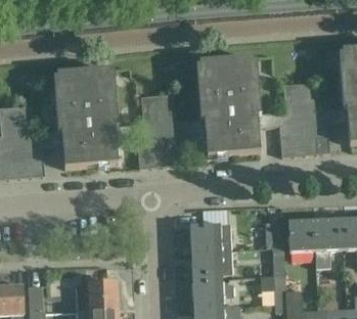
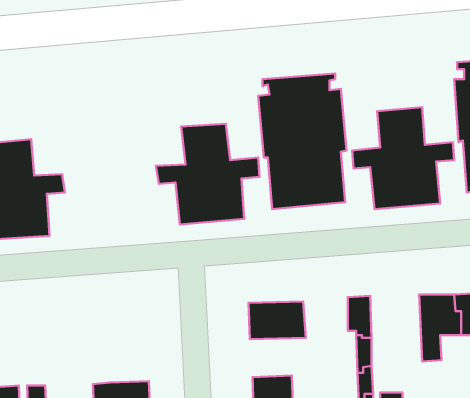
building: [54,67,118,167] -> none
building: [287,218,316,267] -> none
building: [190,249,231,275] -> none

